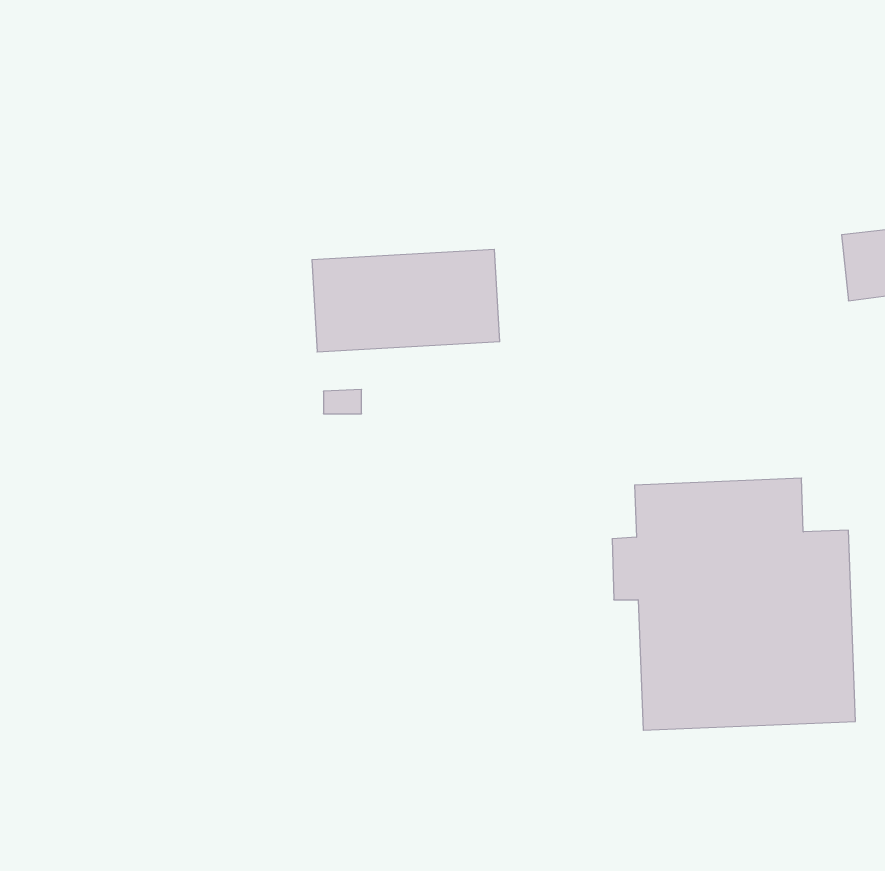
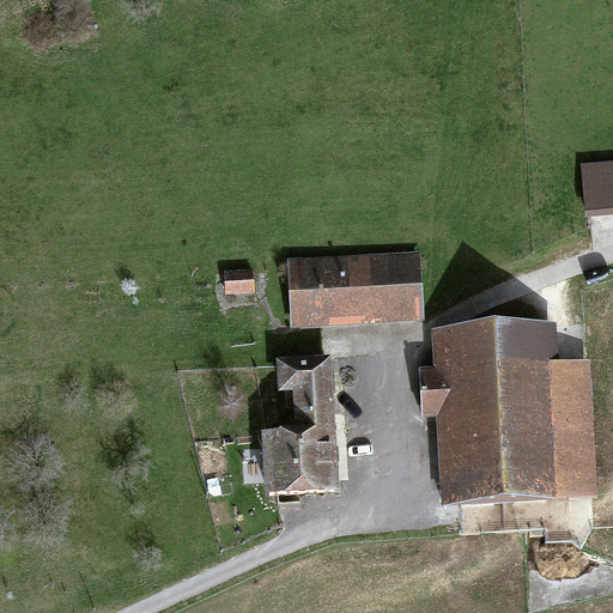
building: [312,249,500,352] -> [289,249,418,320]
building: none -> [268,359,338,498]

